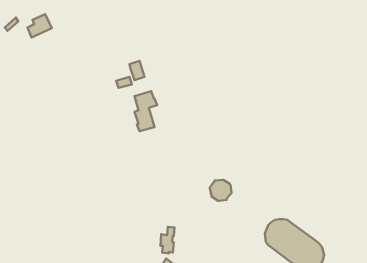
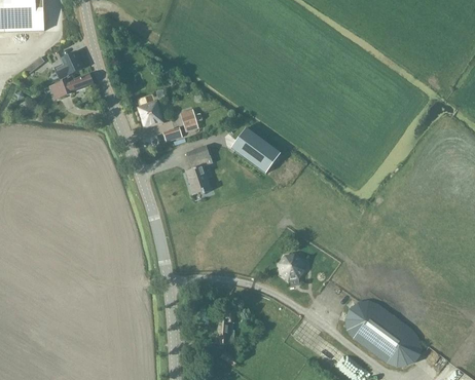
building: none -> [54,72,94,98]
building: none -> [137,100,163,127]
building: none -> [231,127,281,173]

